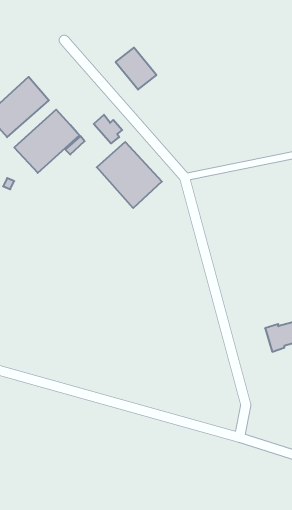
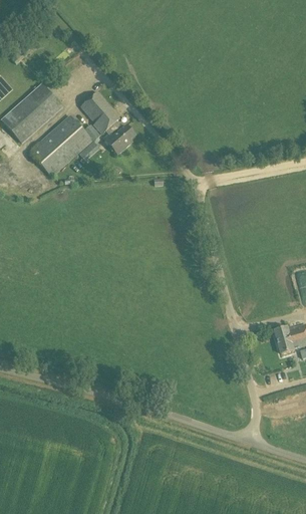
building: [116,48,156,90] -> [79,88,119,130]
building: [97,142,162,208] -> none

